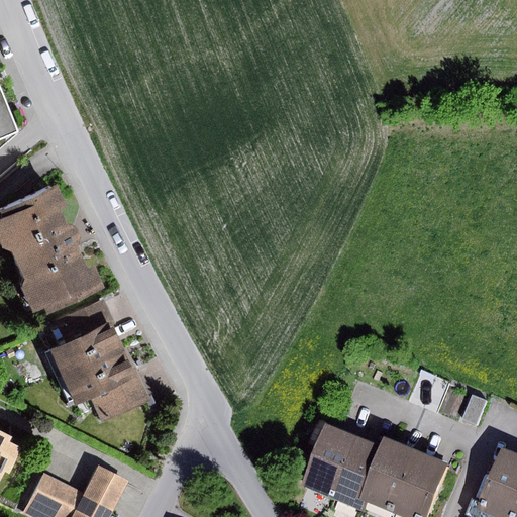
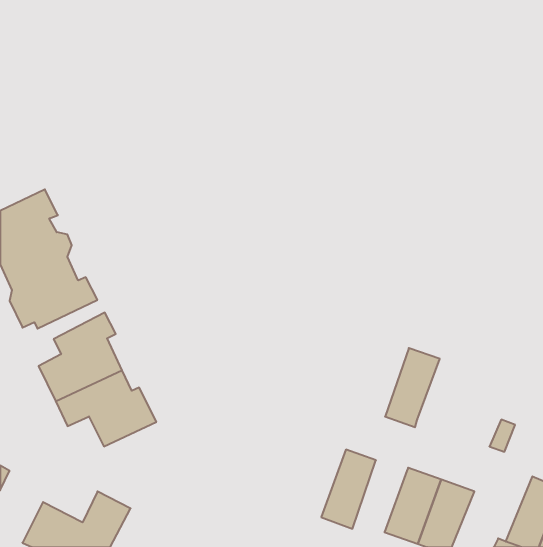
building: [336,434,388,509] -> [385,348,440,427]

